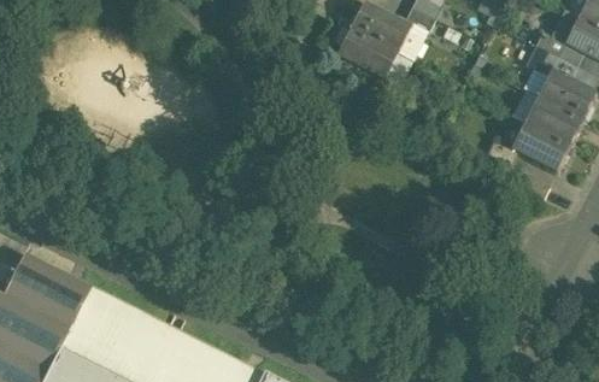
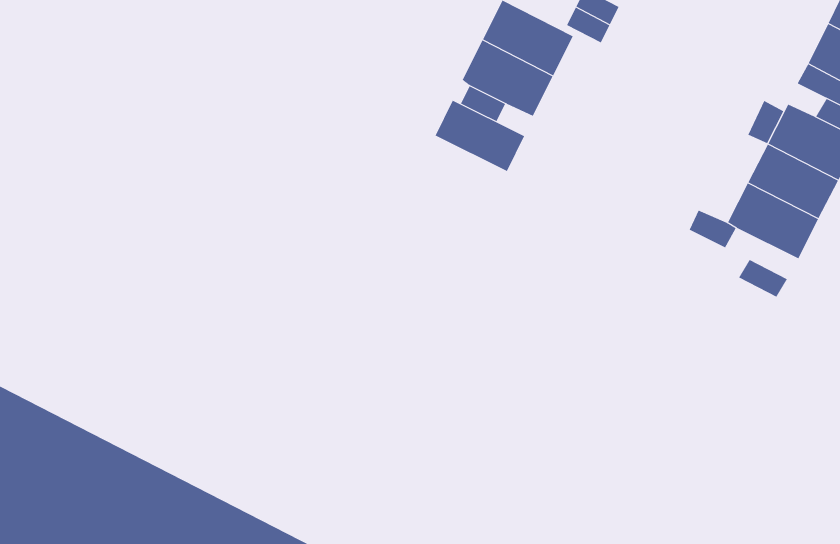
building: [530,47,576,78] -> none
building: none -> [435,100,525,172]

